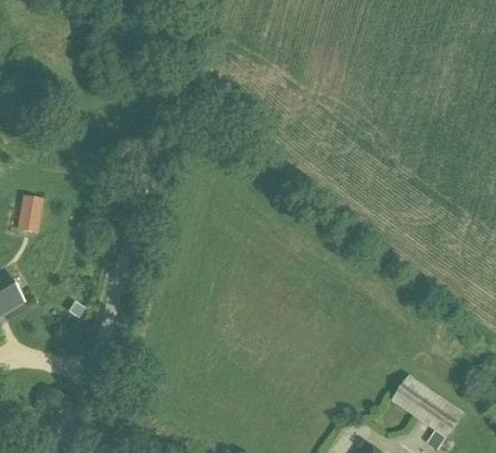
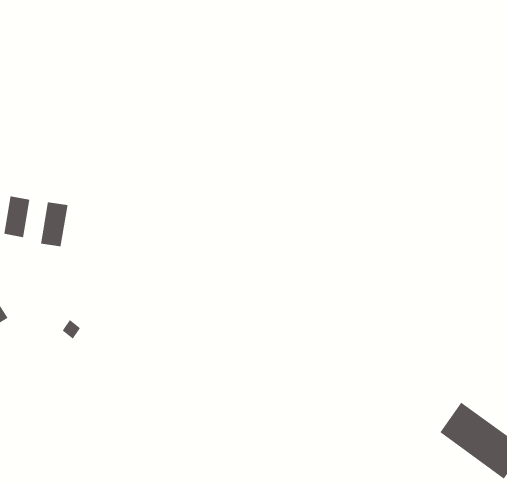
building: none -> [40,201,68,247]

